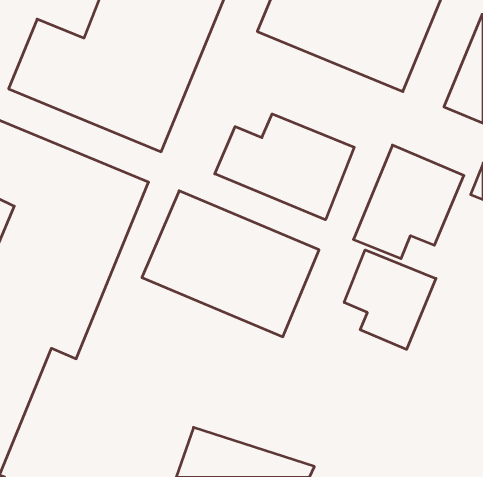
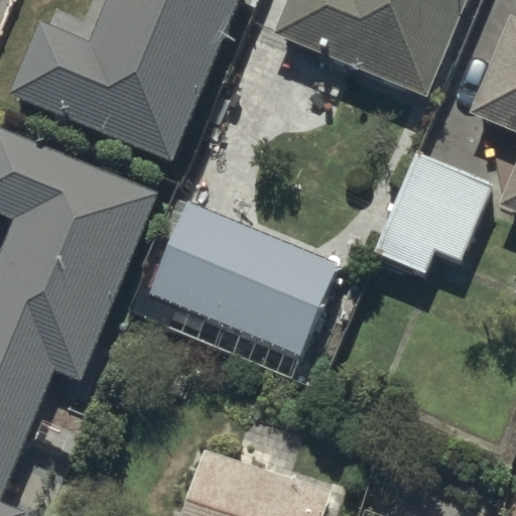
building: [215,114,354,220] -> none
building: [344,250,436,349] -> none

